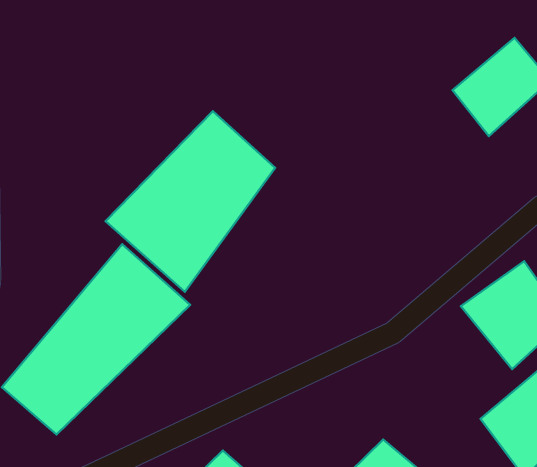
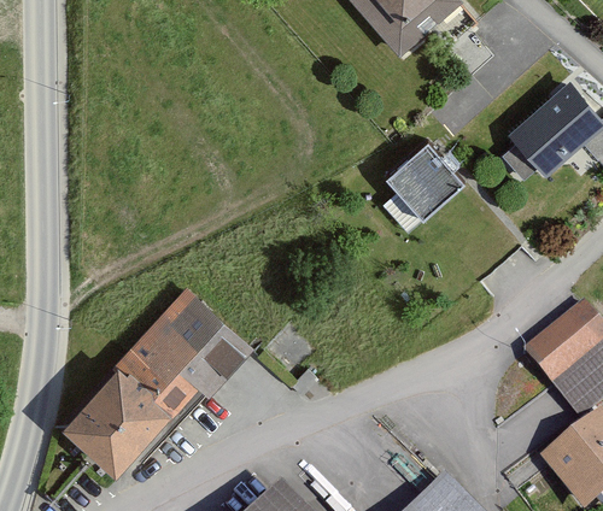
building: none -> [386,140,468,218]
building: [106,111,275,292] -> none

